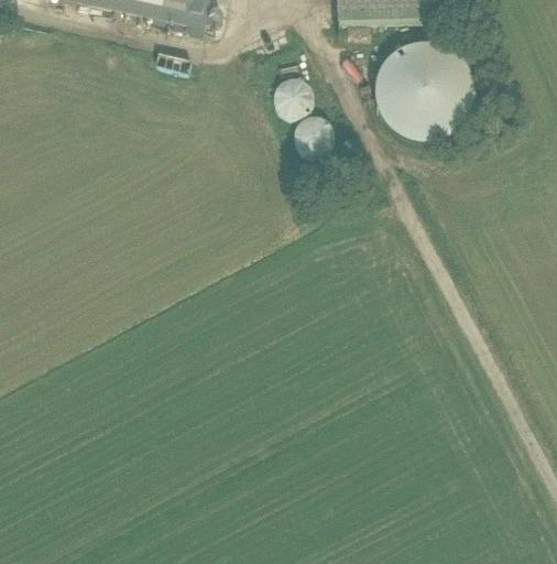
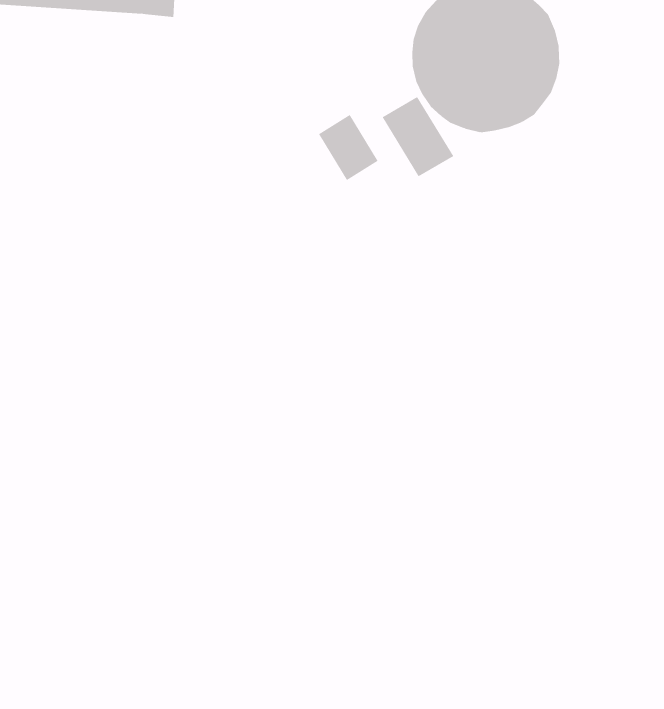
building: [277,75,314,118] -> none
building: none -> [382,96,454,177]

